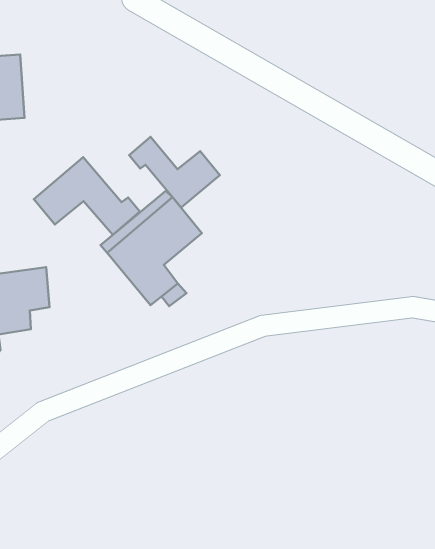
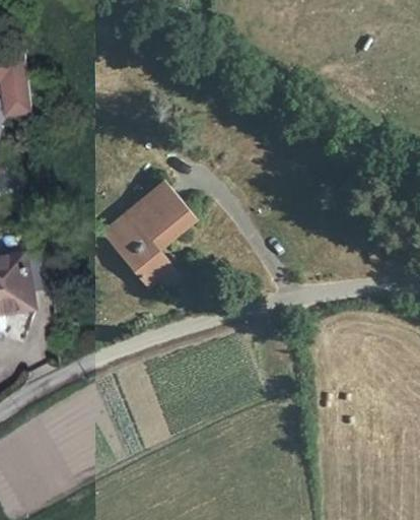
building: [129,137,220,208] -> none
building: [34,157,140,235] -> none

